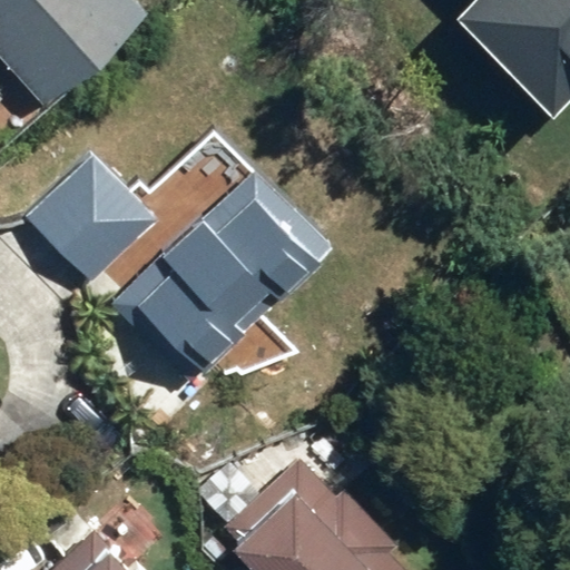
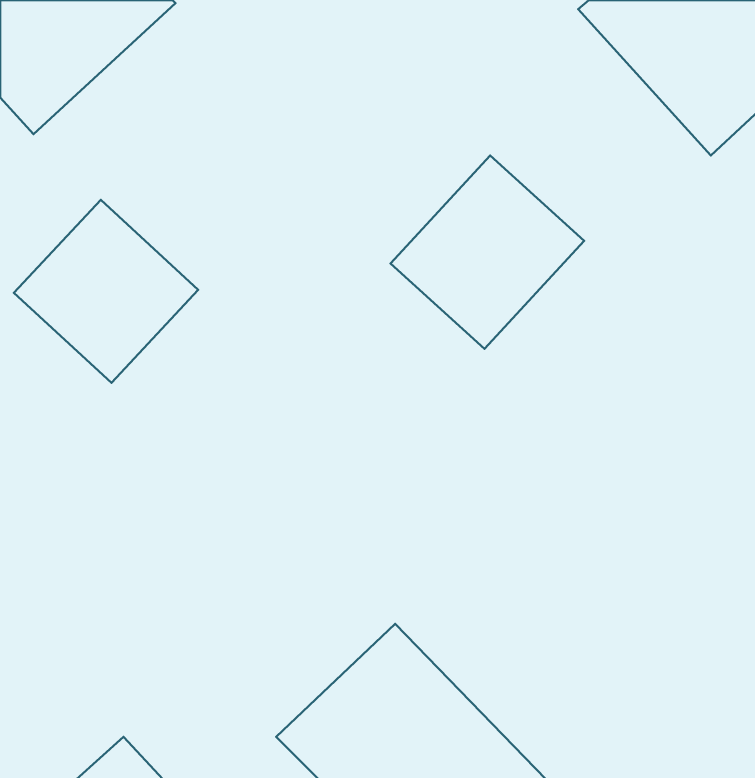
building: none -> [391,155,584,349]
building: [114,157,331,379] -> none

